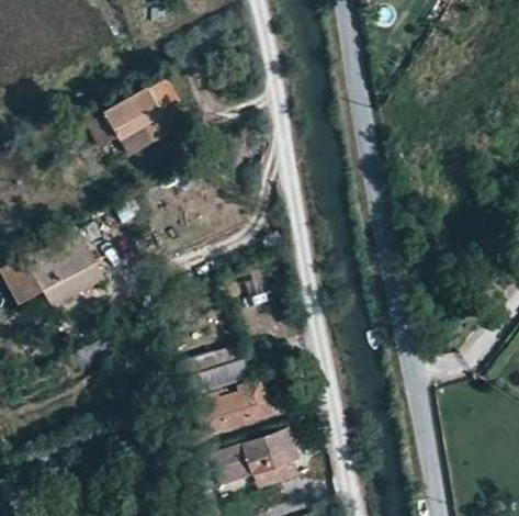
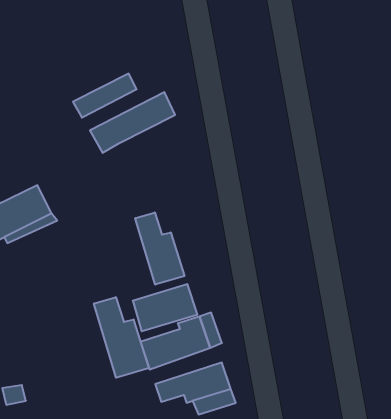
building: [83,81,179,149] -> [90,92,175,153]
building: none -> [135,212,184,285]
building: none -> [94,297,149,378]

